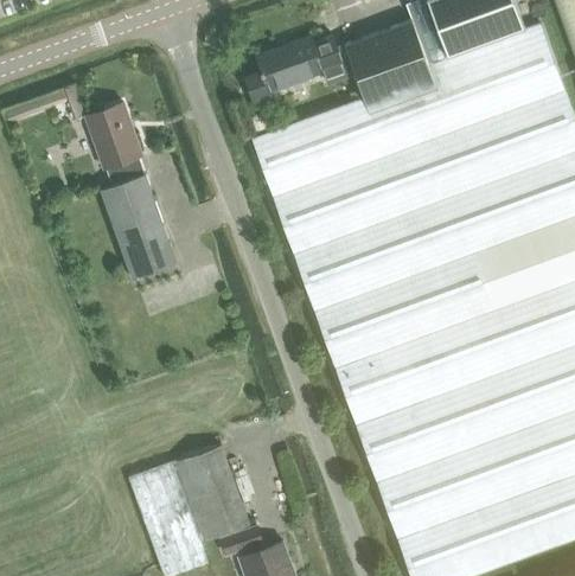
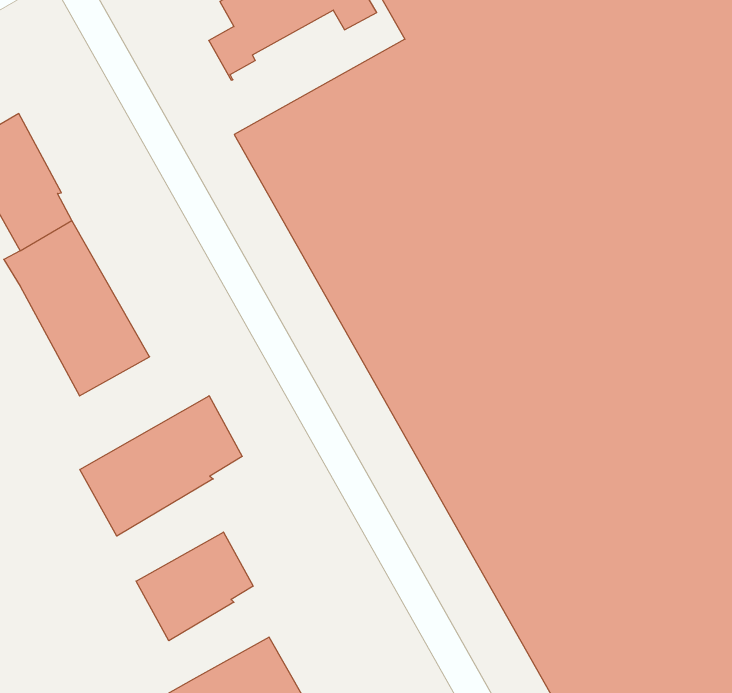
building: none -> [80,396,242,536]
building: none -> [136,532,253,641]

